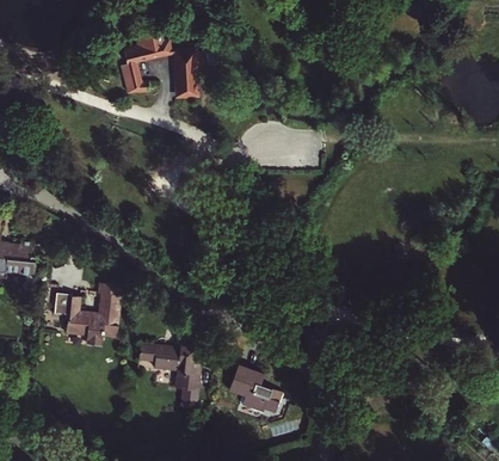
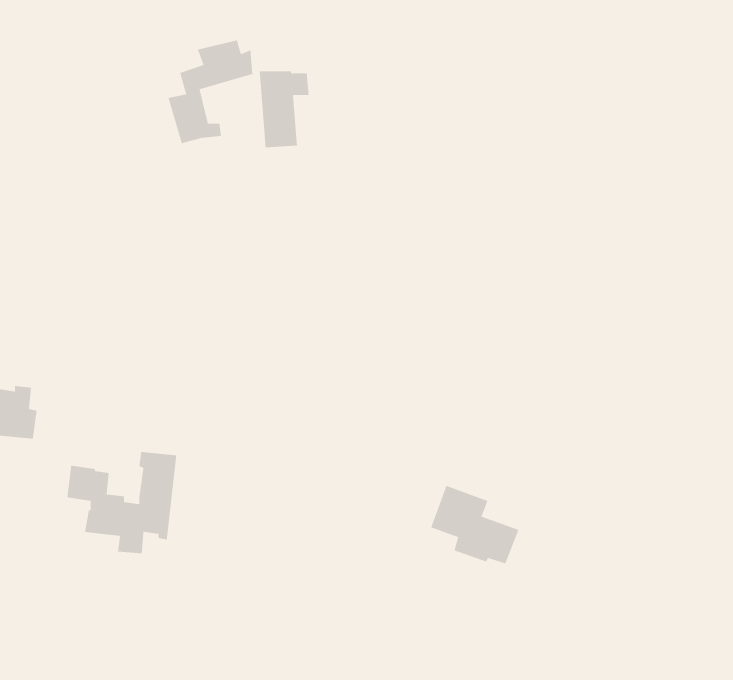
building: [140,336,204,392] -> none
building: [228,365,283,414] -> [430,485,519,565]

